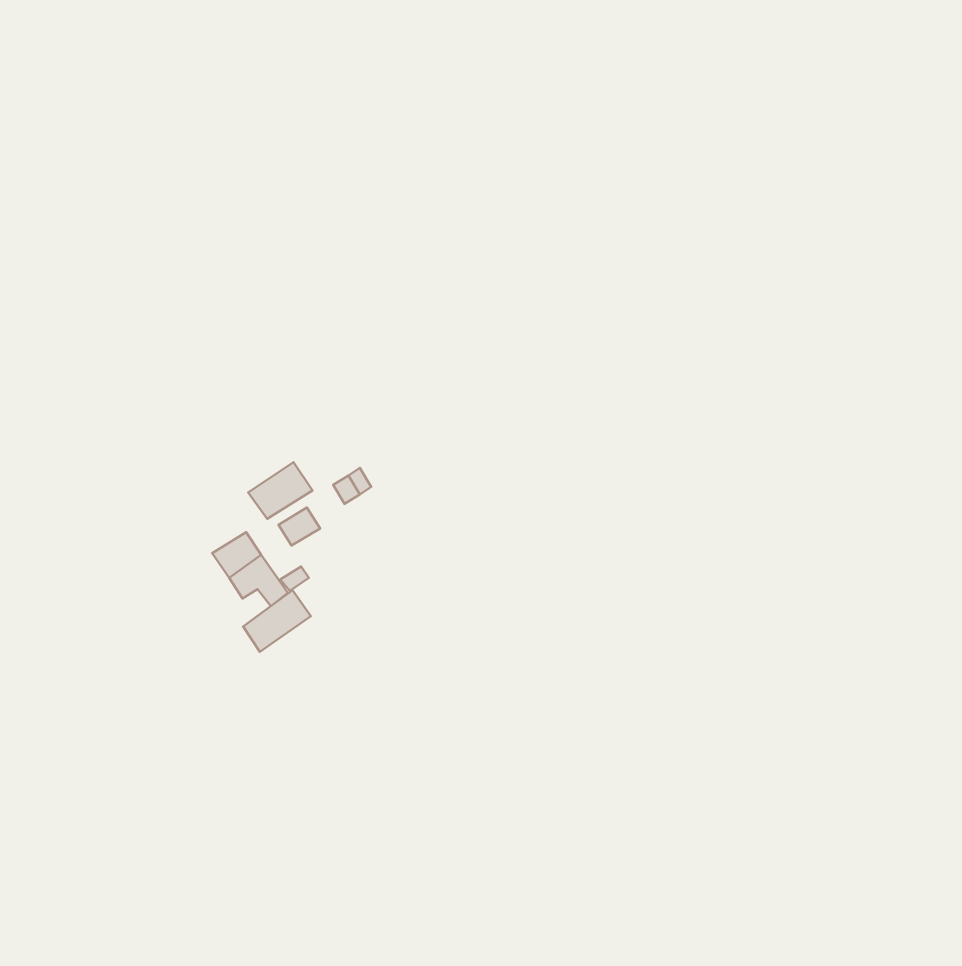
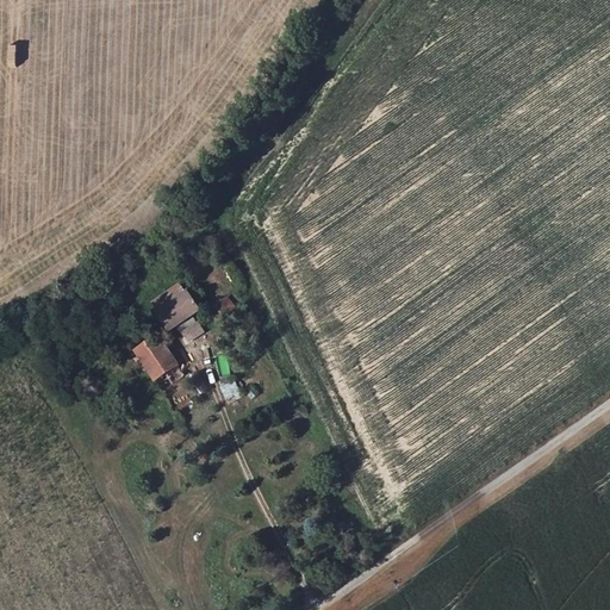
building: [243,590,311,652] -> none

